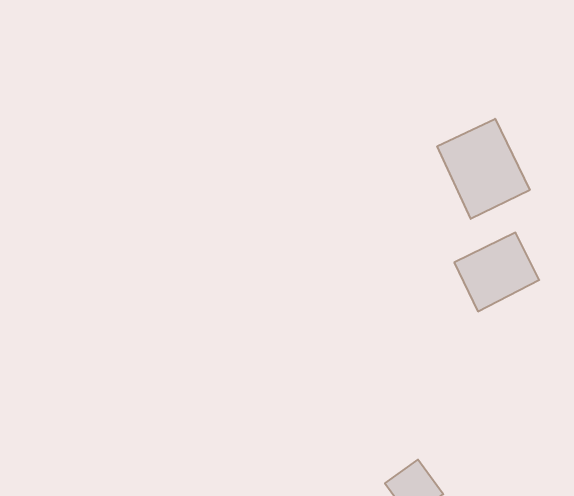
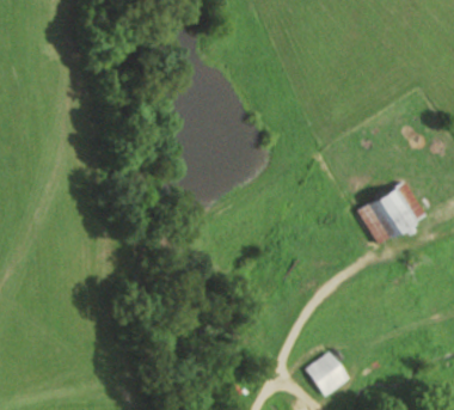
building: [437,119,530,219] -> none

